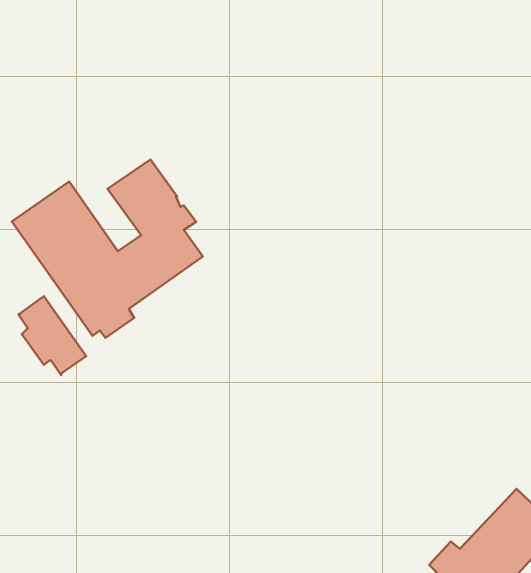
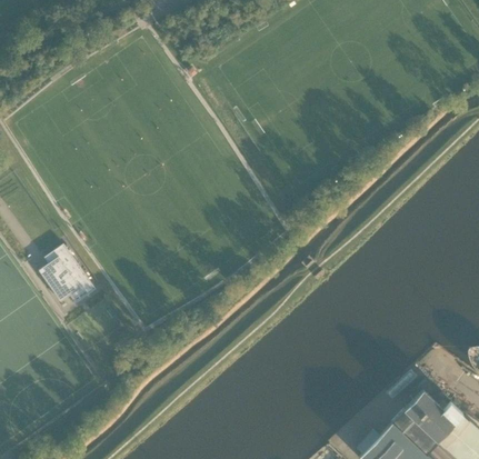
building: [12,160,203,338] -> none

